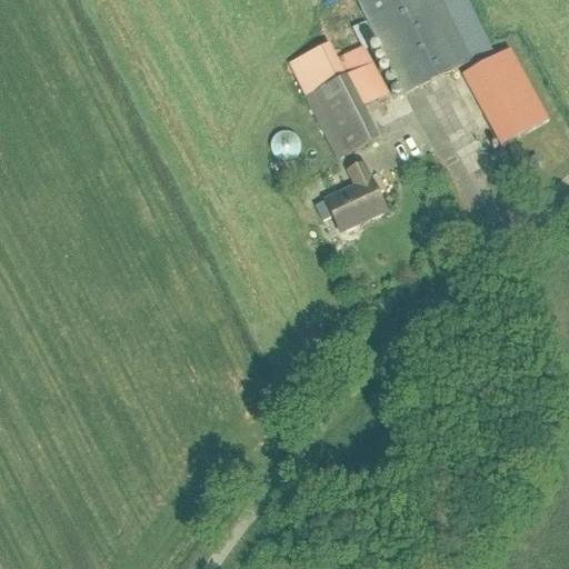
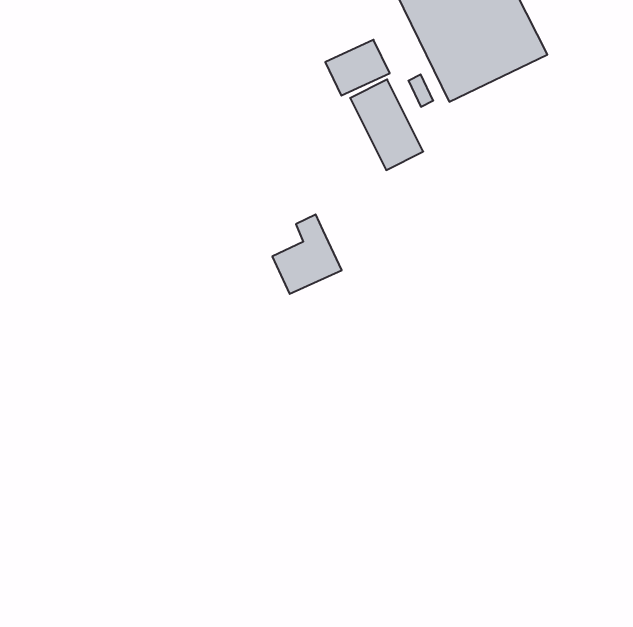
building: [461,44,548,142] -> none
building: [325,159,387,230] -> [272,214,342,294]

